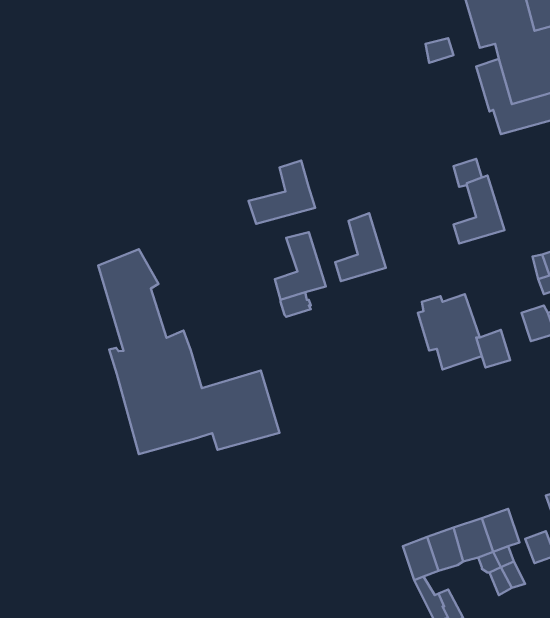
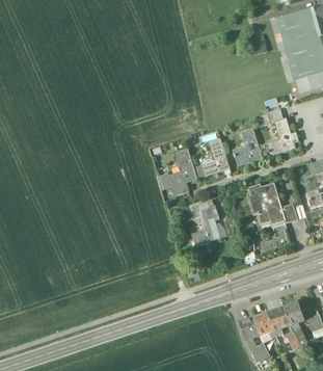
building: [249,161,315,224] -> none
building: none -> [236,129,263,165]
building: [98,249,280,454] -> none
building: none -> [191,201,220,245]

